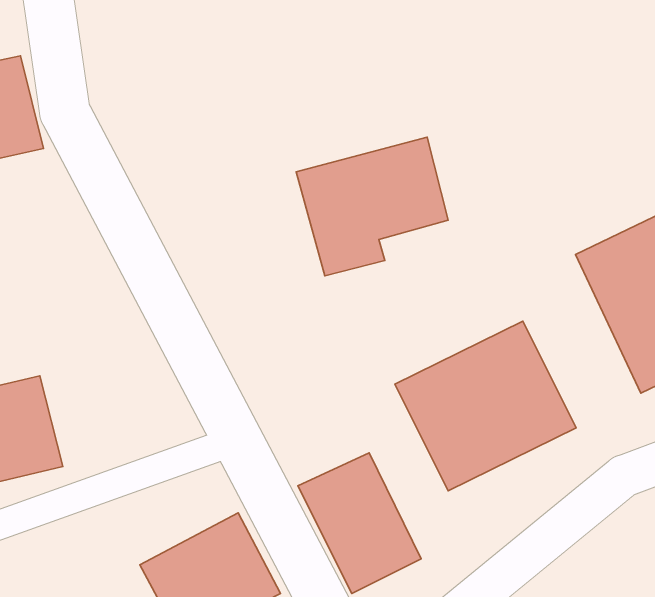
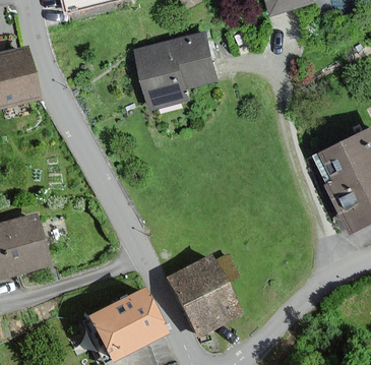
building: [296,137,448,276] -> [138,33,219,106]
building: [395,321,576,491] -> none

